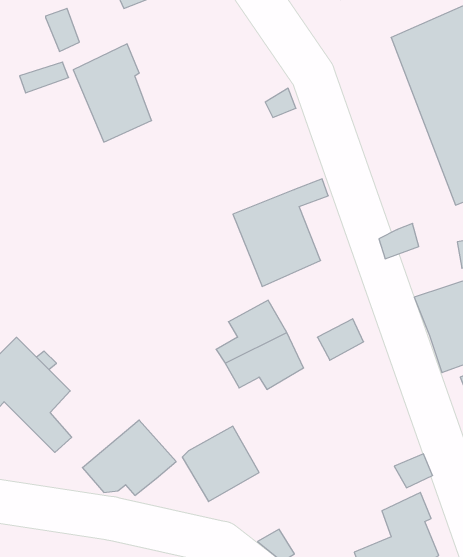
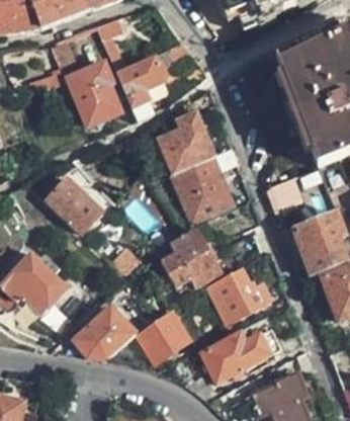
building: none -> [116,41,192,120]
building: none -> [156,112,212,172]
building: none -> [47,178,102,235]
building: none -> [208,265,271,323]
building: none -> [200,329,279,382]

